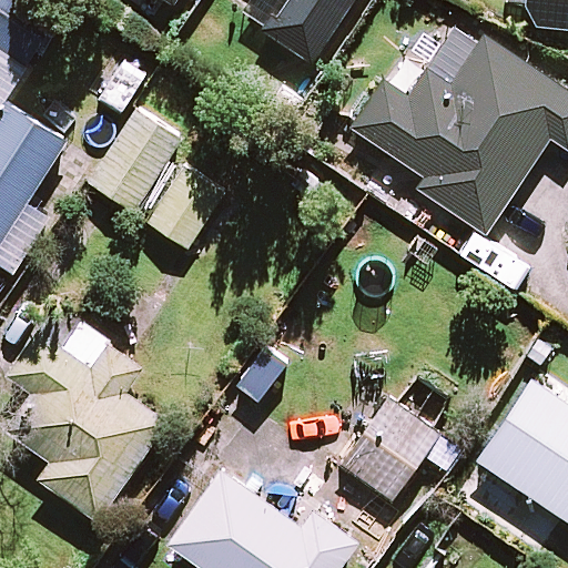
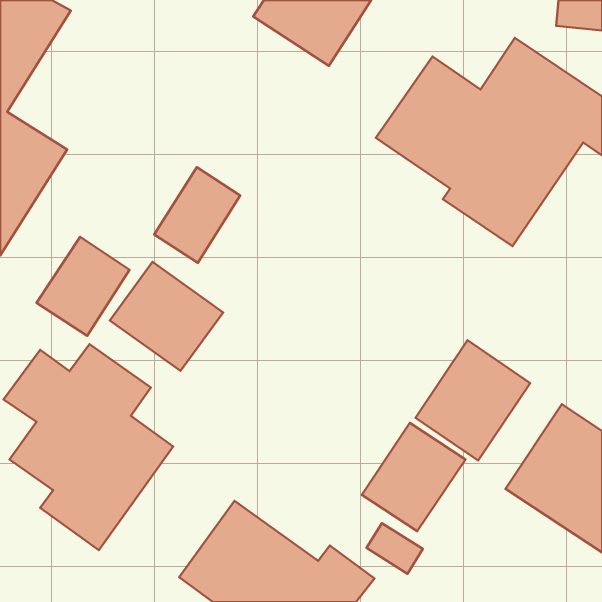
building: [88,120,175,213] -> [36,237,129,336]
building: none -> [110,262,223,371]
building: none -> [416,340,530,460]

